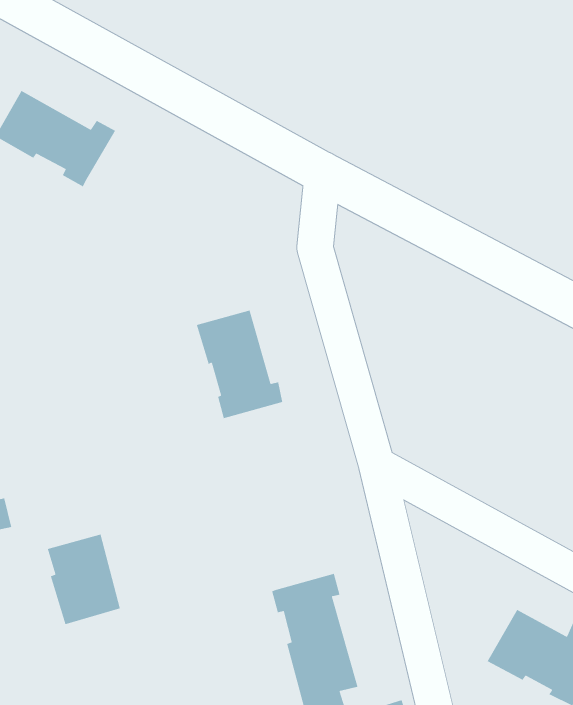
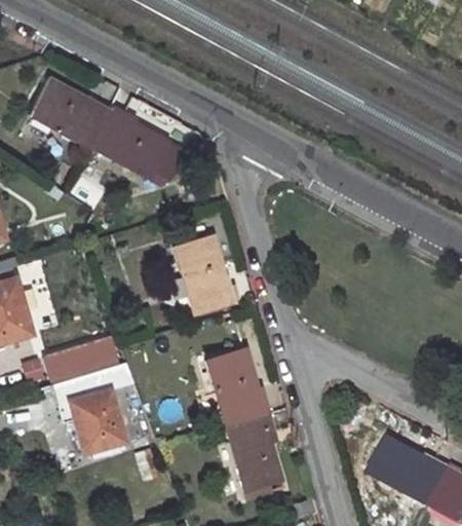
building: none -> [98,111,190,192]
building: none -> [47,342,105,379]
building: none -> [207,347,269,425]

